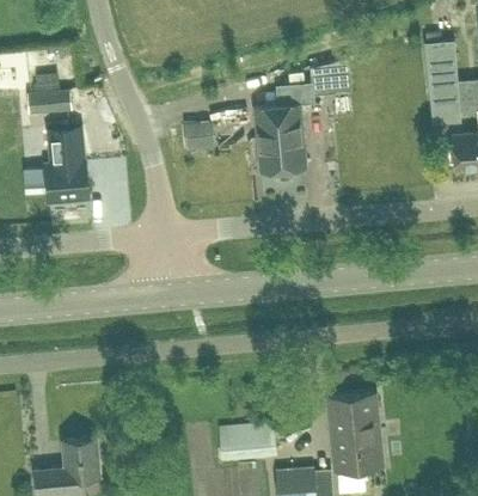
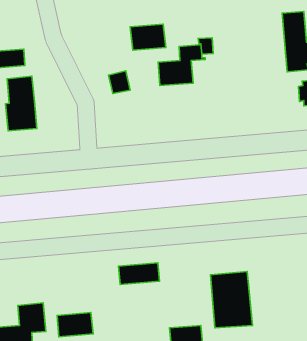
building: [257,137,306,173] -> [130,24,166,50]
building: [219,424,275,454] -> [119,263,160,285]
building: none -> [57,313,93,337]

